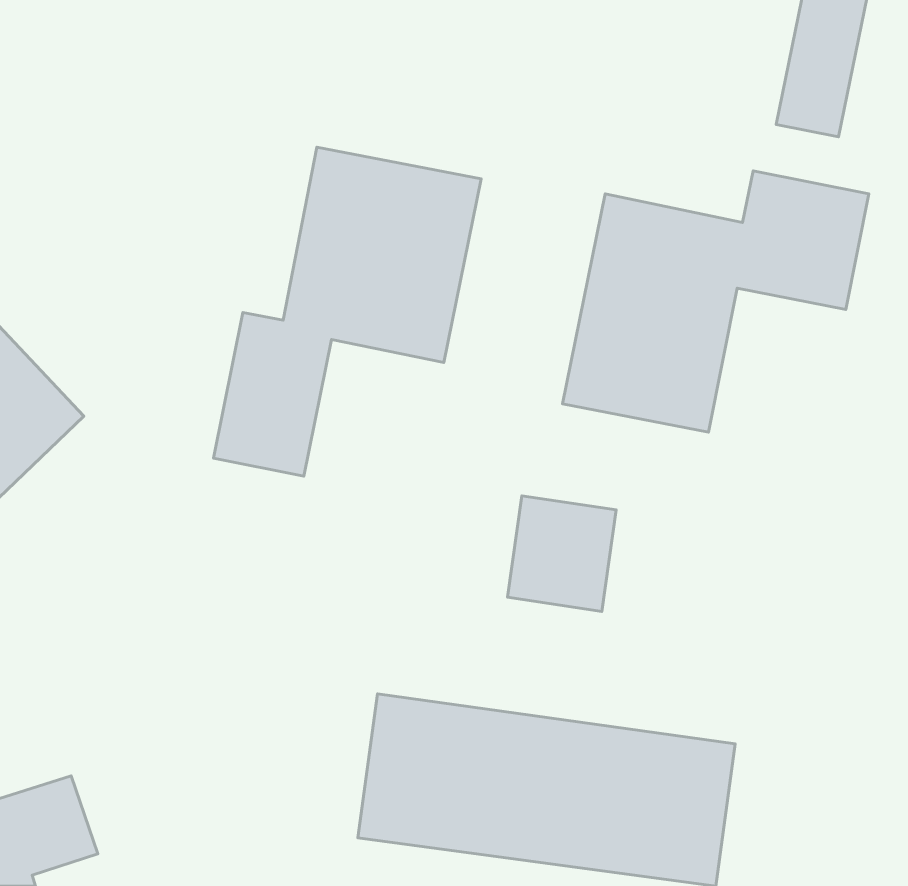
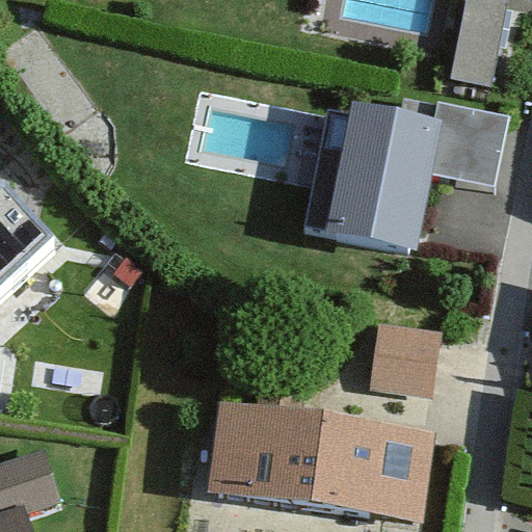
building: [214,147,481,476] -> none
building: [507,496,616,611] -> [373,320,436,388]

